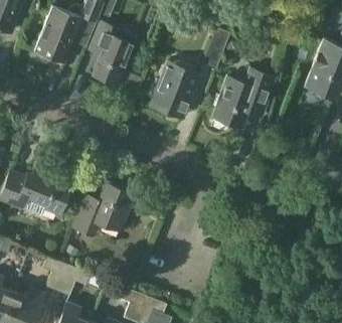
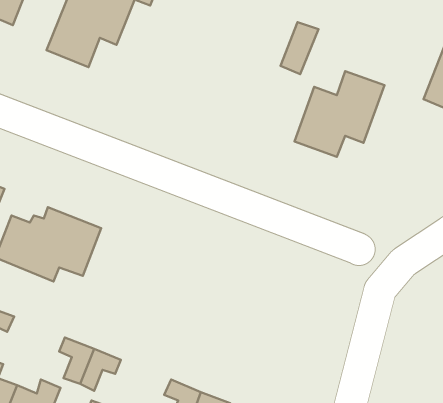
building: [88,21,133,86] -> none
building: [150,61,199,118] -> none
building: [70,183,135,236] -> none

